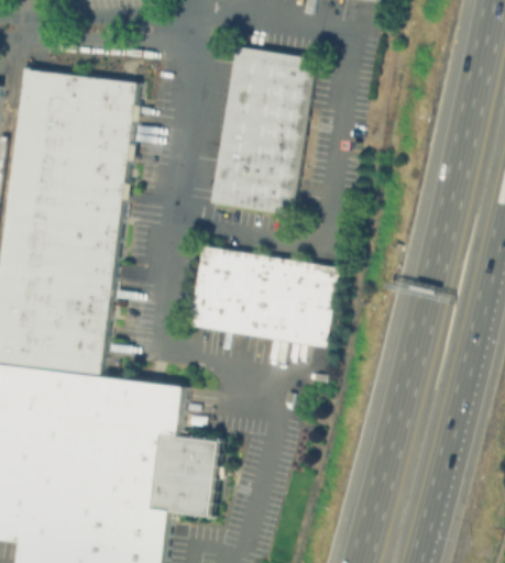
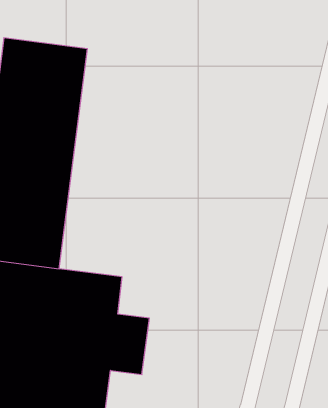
building: [211,47,316,216] -> none
building: [189,247,339,347] -> none

